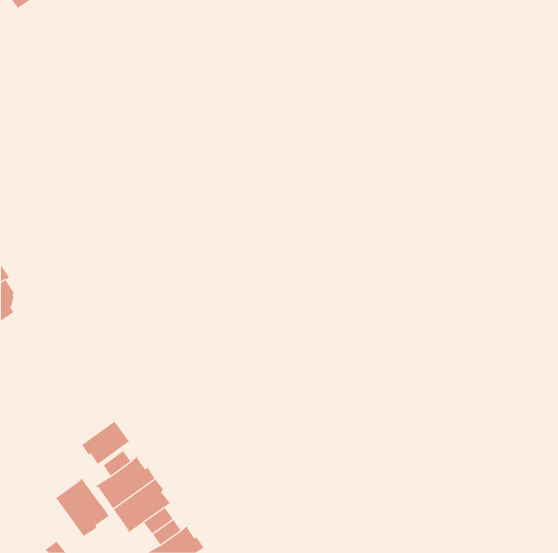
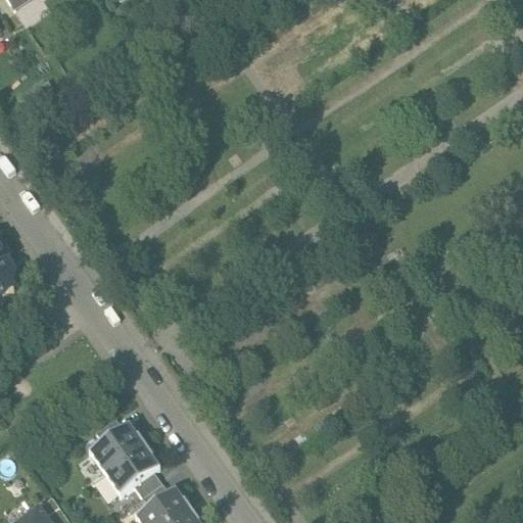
building: [82,421,130,465] -> none
building: [56,477,110,537] -> none

